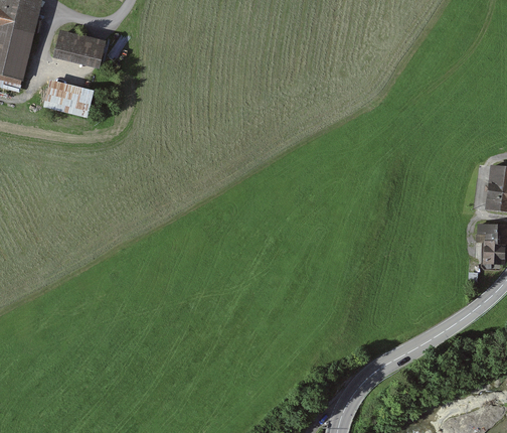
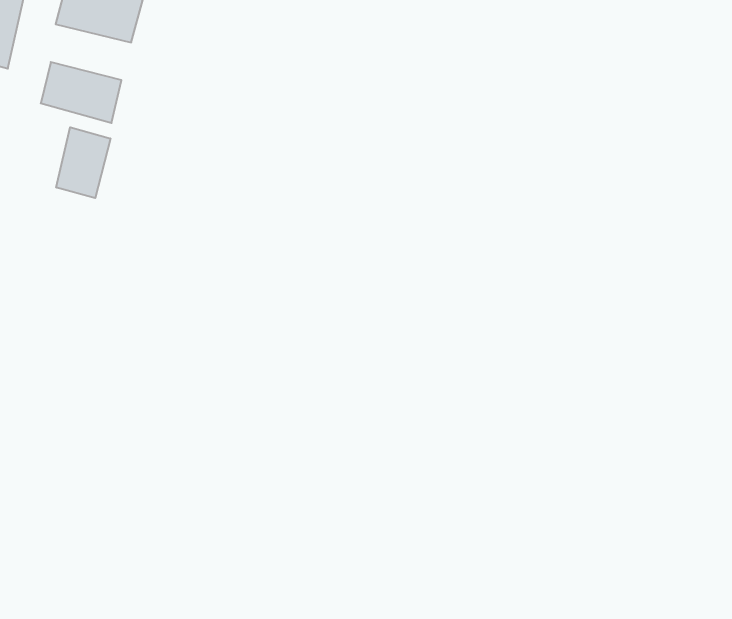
building: none -> [56,127,110,198]

